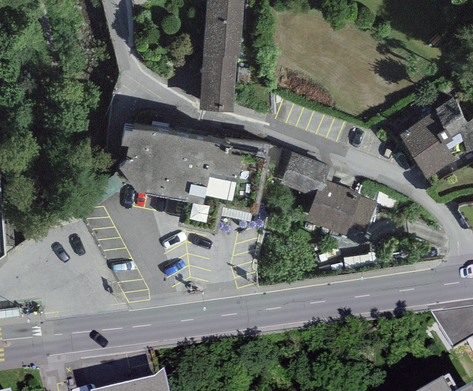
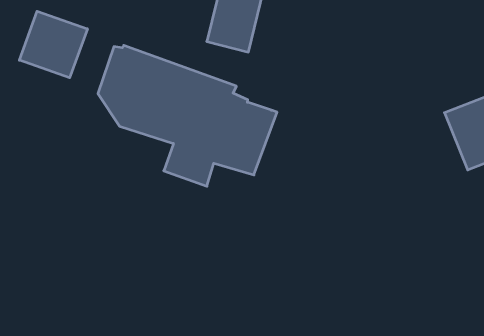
building: none -> [19,11,87,78]
building: [280,151,363,228] -> none

